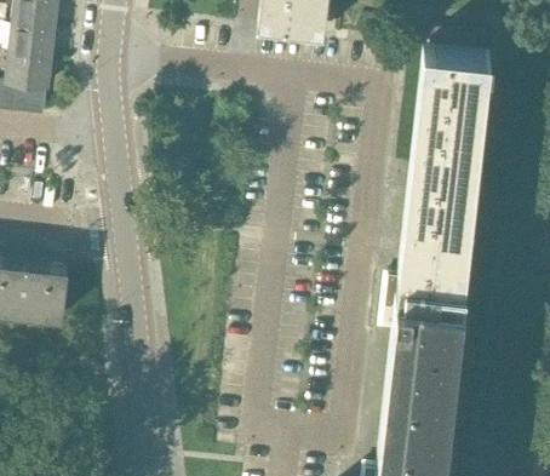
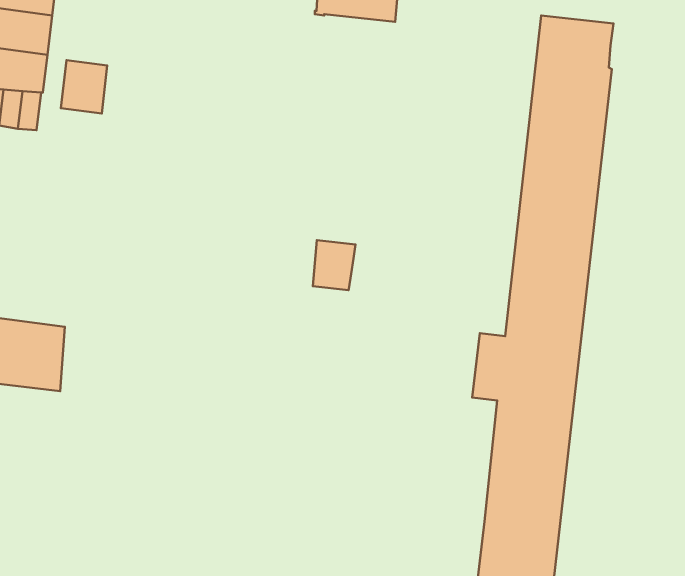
building: none -> [61,60,107,114]
building: none -> [313,240,356,290]

